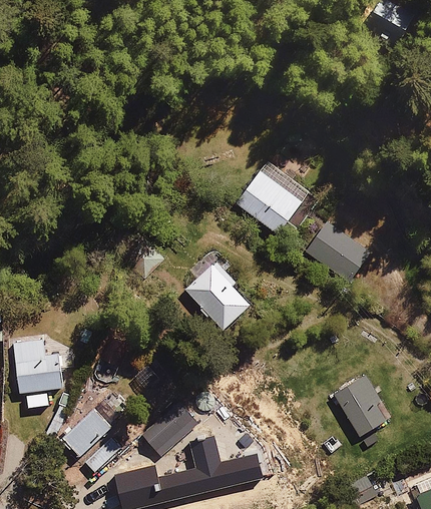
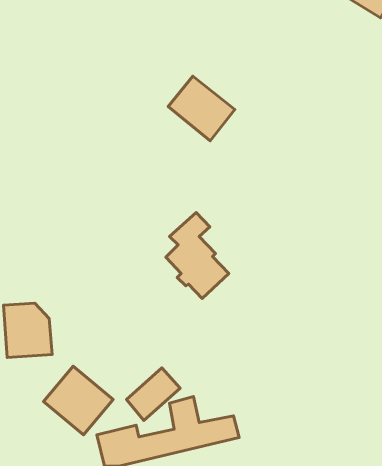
building: [234,168,304,236] -> [168,76,235,141]
building: [301,222,369,284] -> none
building: [335,374,393,436] -> none

